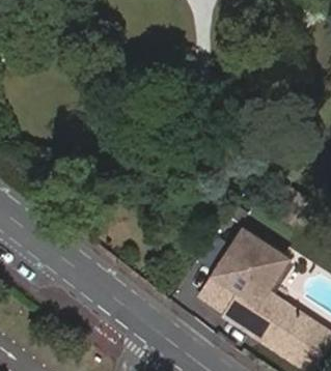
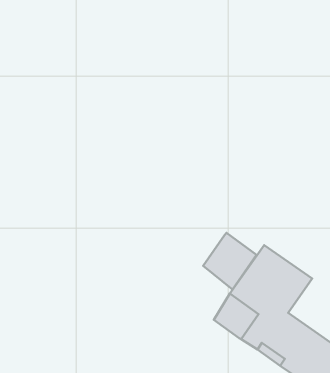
building: none -> [203,233,257,290]

